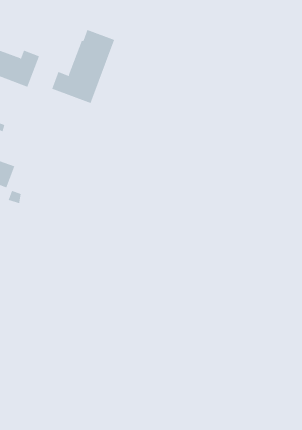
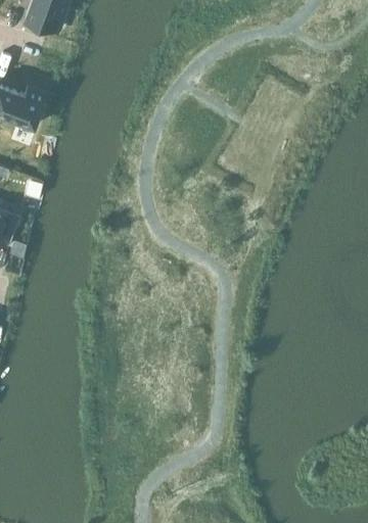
building: [52,29,115,104] -> none

